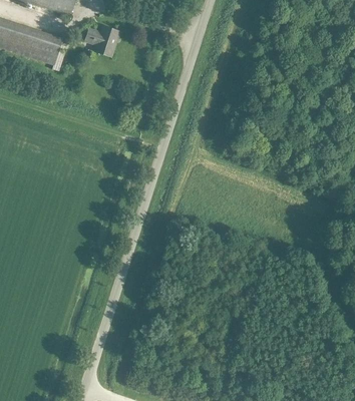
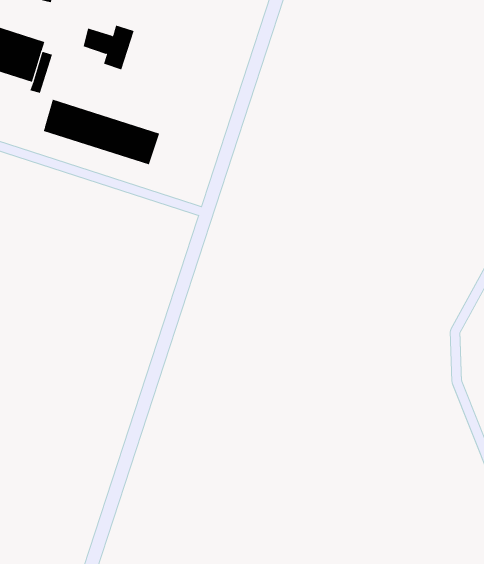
building: none -> [43,99,160,165]

